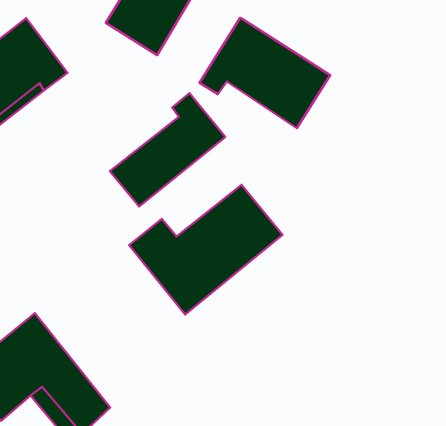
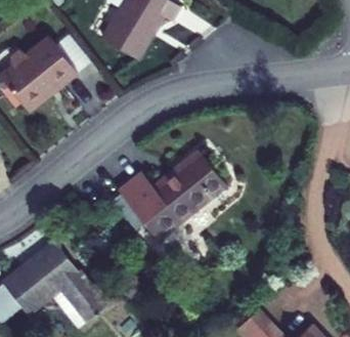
building: [199,18,330,128] -> none
building: [110,93,225,206] -> none

